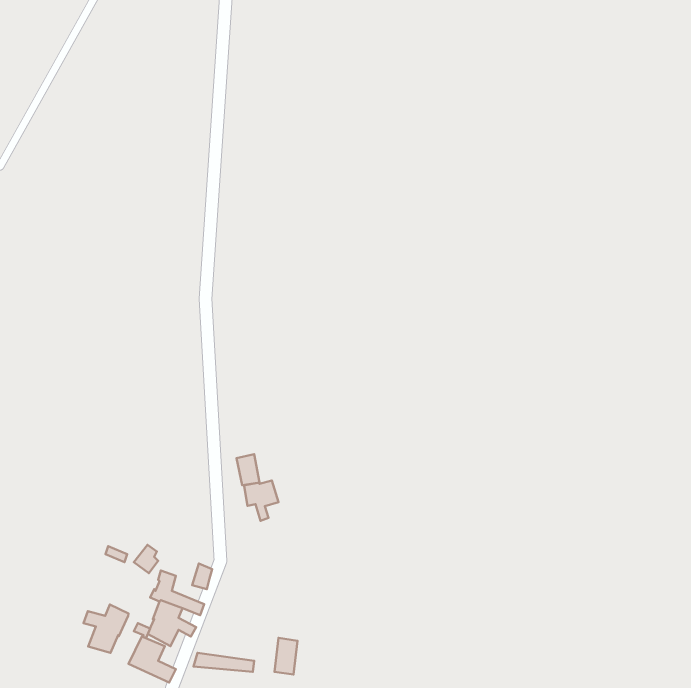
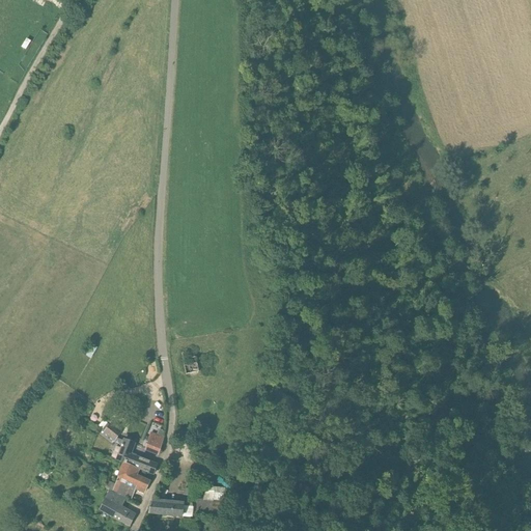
building: [244,480,278,521] -> none
building: [84,605,129,653] -> none

